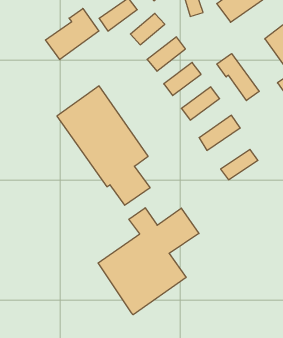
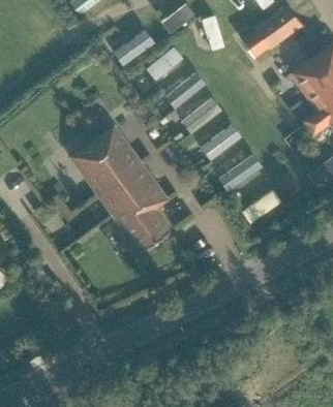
building: [45,8,99,60] -> none
building: [217,54,259,101] -> none
building: [98,208,199,315] -> none

